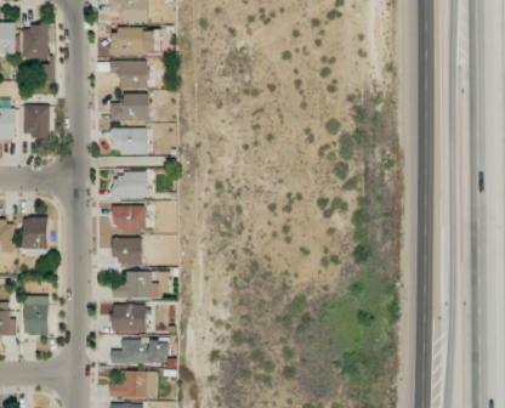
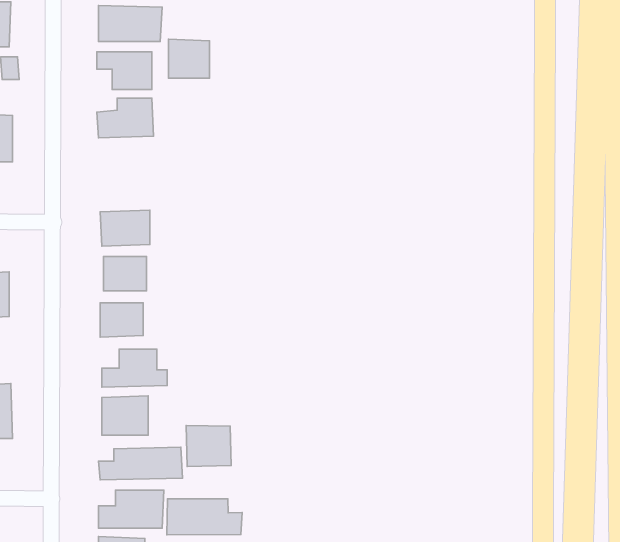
building: none -> [168,39,209,78]
building: [110,127,147,154] -> none
building: none -> [186,425,231,466]
building: none -> [167,499,242,535]

